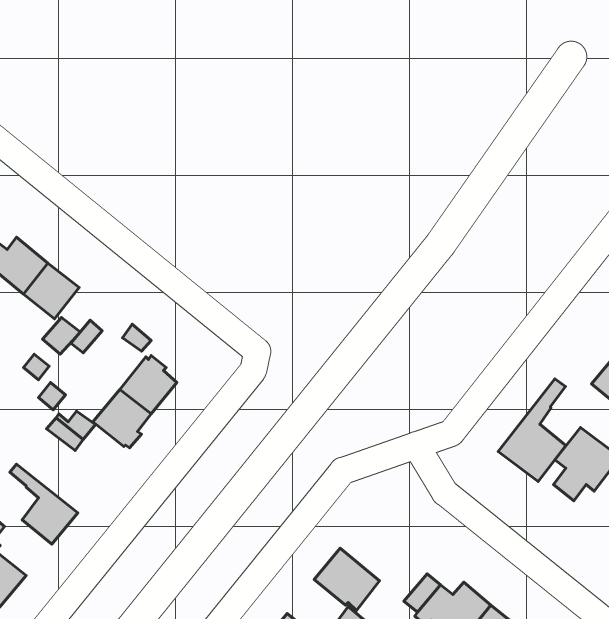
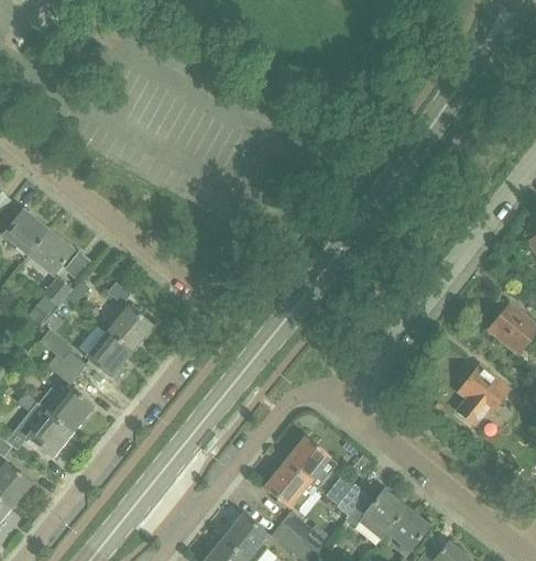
building: [498,379,566,482] -> none
building: none -> [22,387,91,432]
building: none -> [284,436,330,487]

